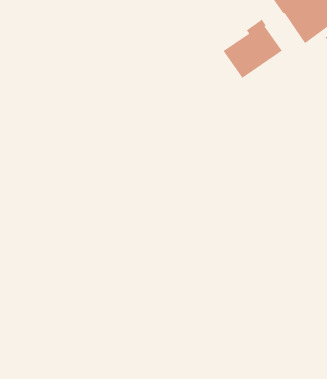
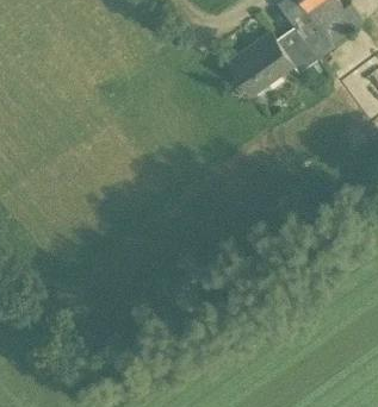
building: none -> [275,29,318,75]

